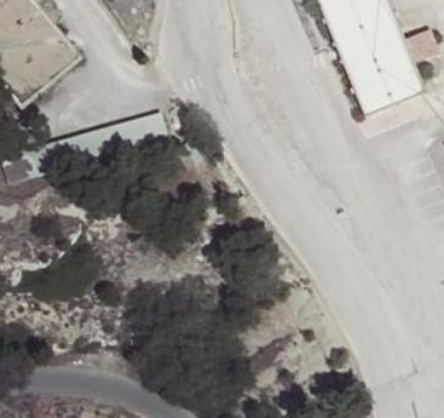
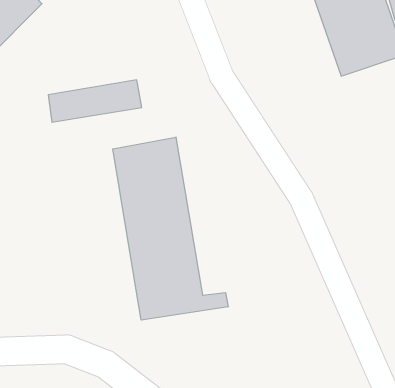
building: none -> [113,137,228,320]

